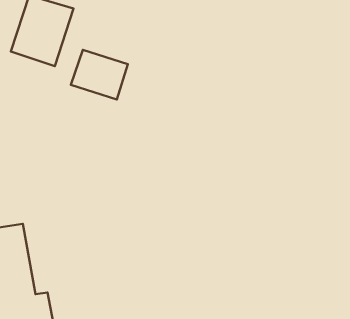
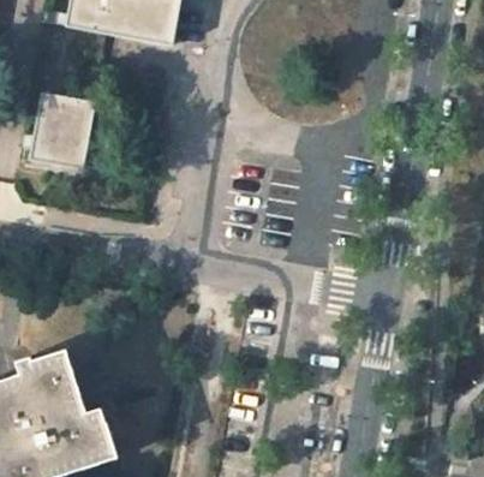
building: [71,50,128,100] -> none

